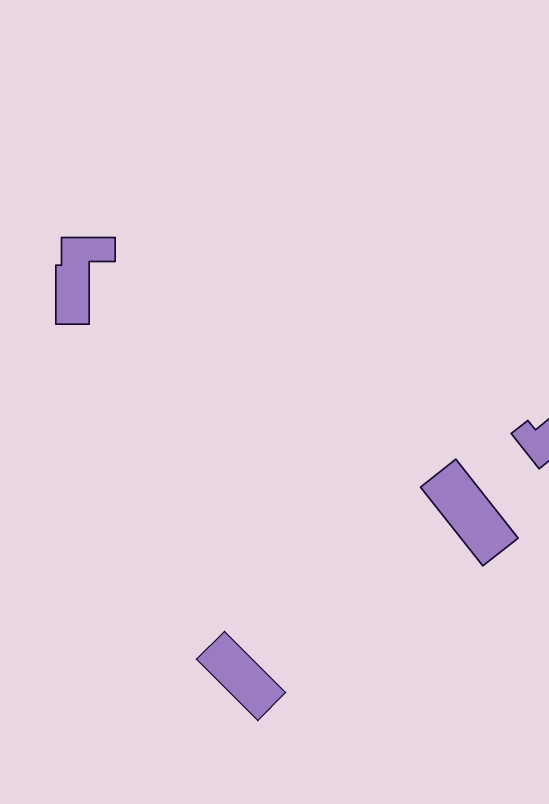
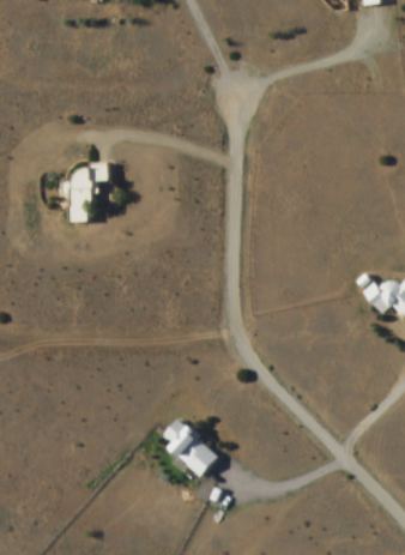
building: [421,459,518,566] -> none

